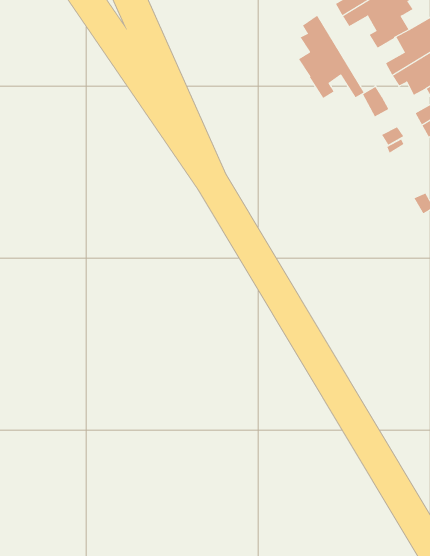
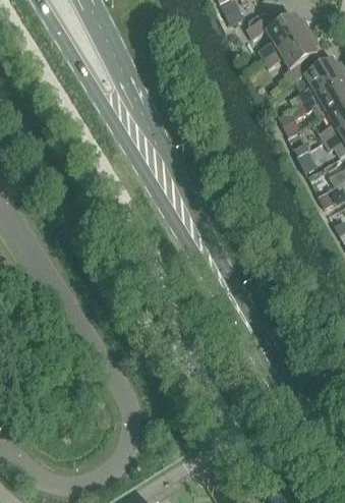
building: [298,15,365,99] -> none

